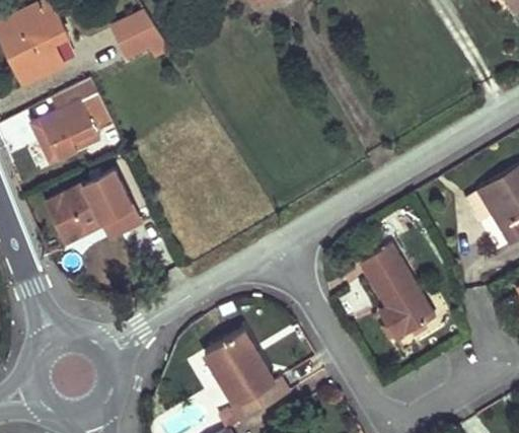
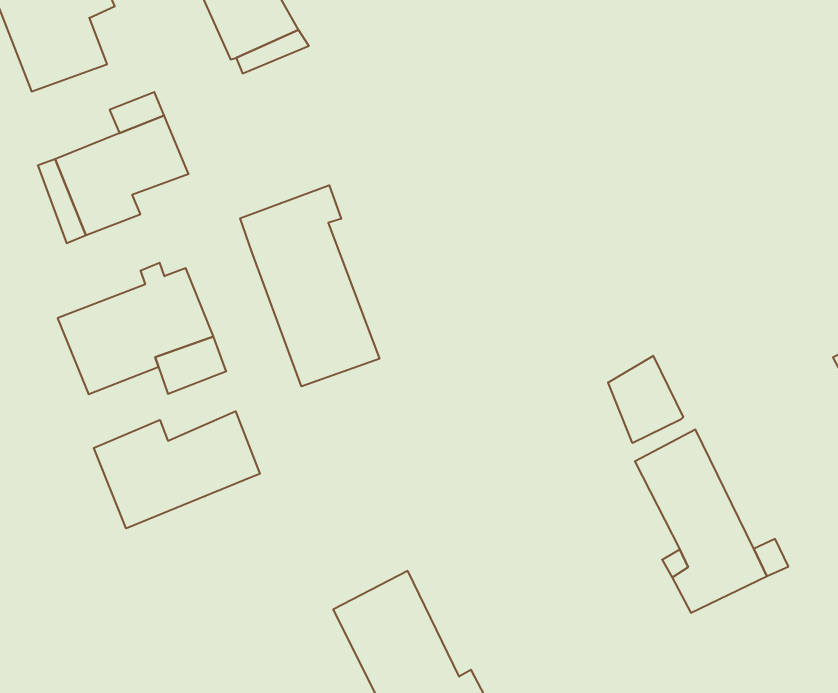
building: none -> [240,185,379,386]
building: none -> [608,356,683,443]
building: none -> [94,411,260,528]

